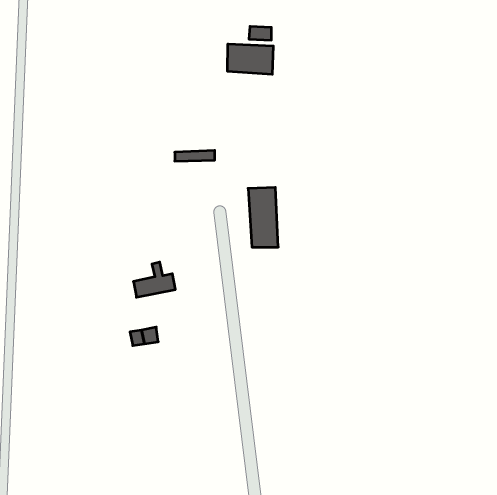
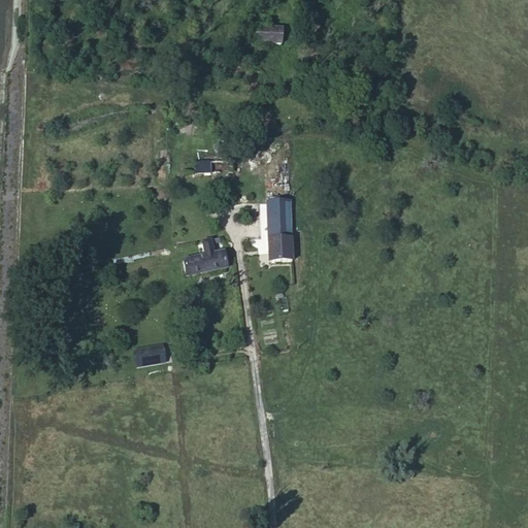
building: [228,44,273,74] -> none
building: [133,262,175,297] -> [184,236,228,273]

